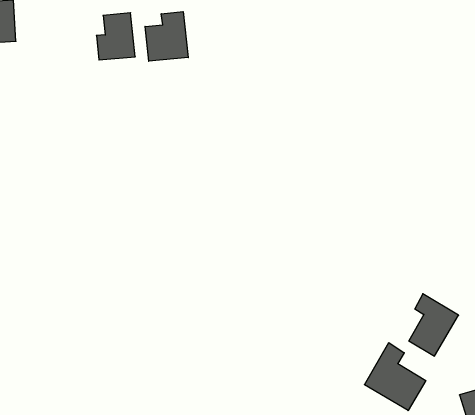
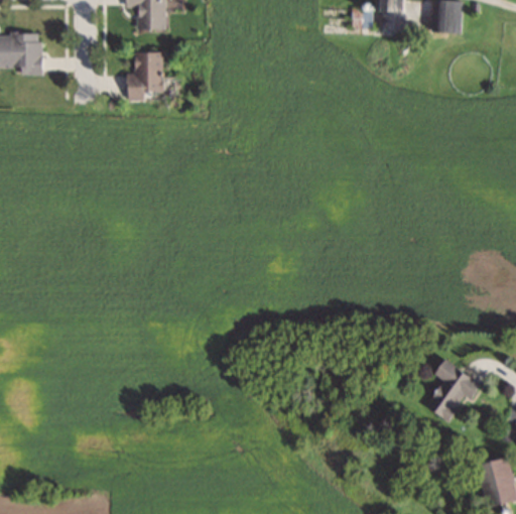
building: [145,12,188,61] -> none
building: [364,343,426,411] -> none

